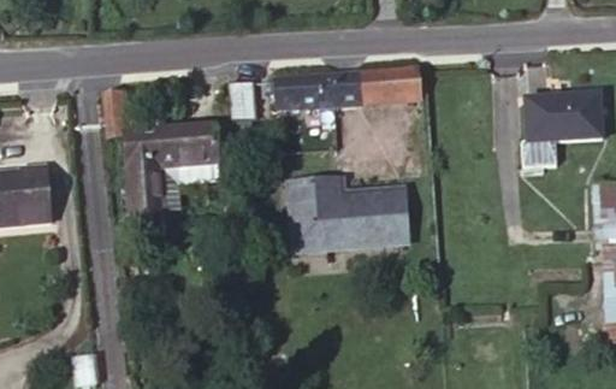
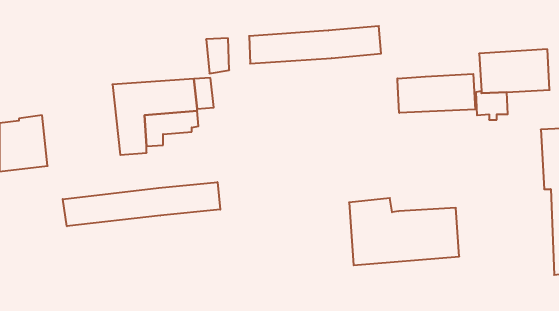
building: none -> [397,74,475,113]
building: [289,177,409,251] -> [349,198,459,265]
building: none -> [63,182,220,226]

